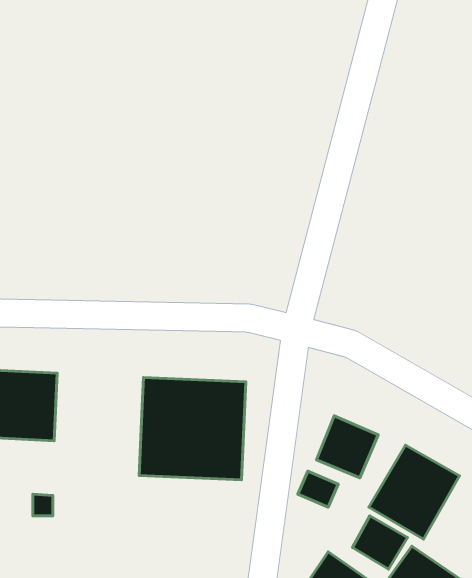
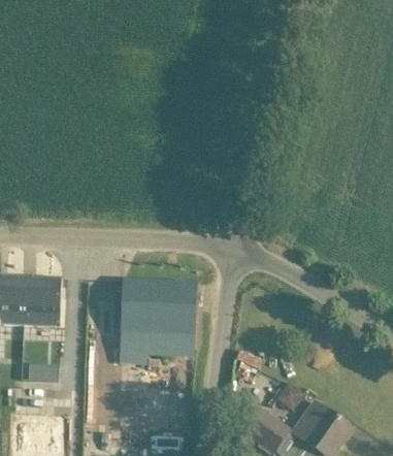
building: [316,416,378,478] -> none
building: [369,445,459,539] -> none

